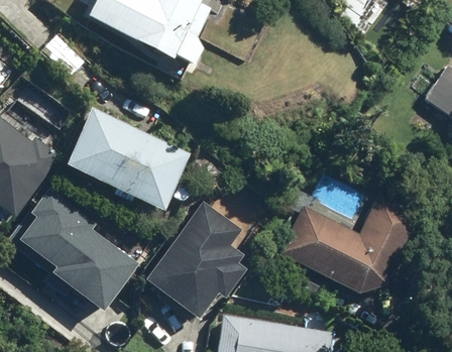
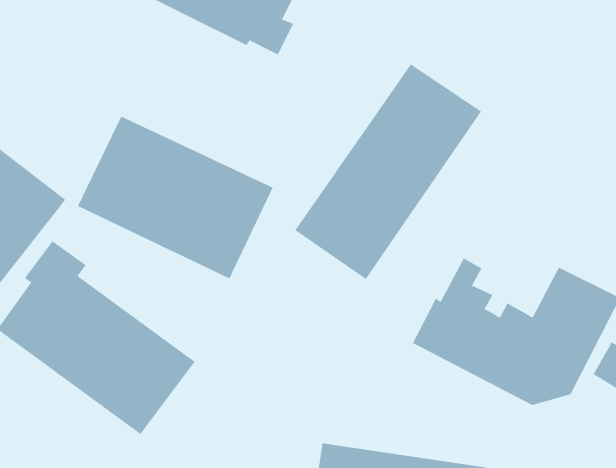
building: none -> [295,63,482,280]
building: [144,195,261,318] -> none

